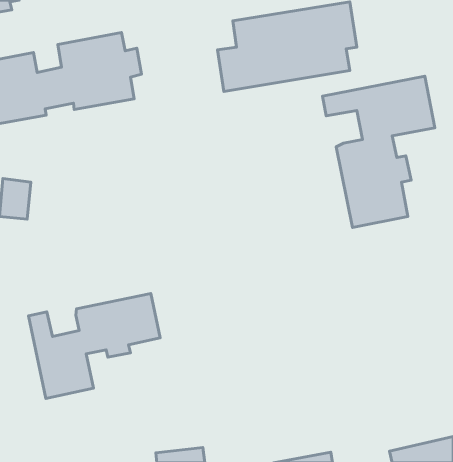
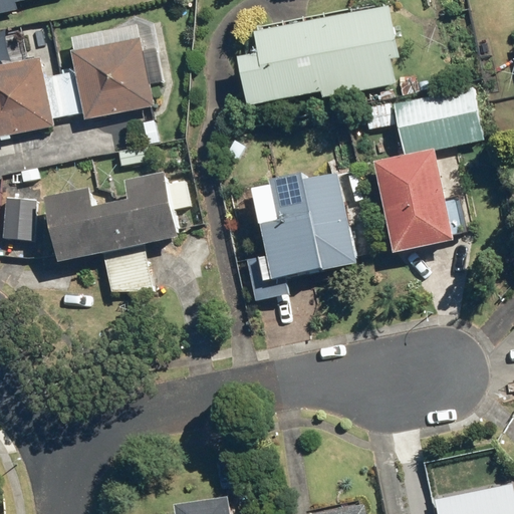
building: none -> [258,169,358,283]
building: none -> [43,174,186,262]
building: [28,293,160,398] -> none

